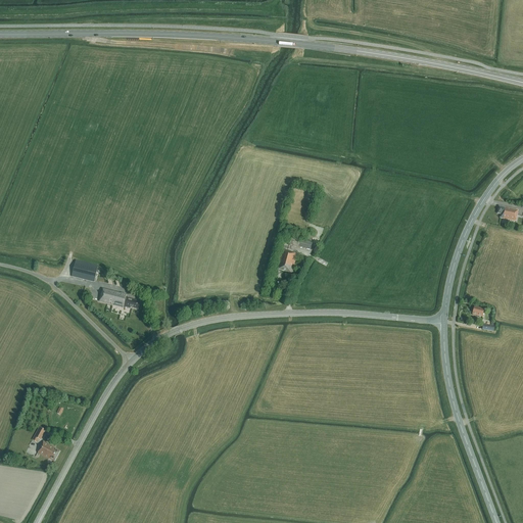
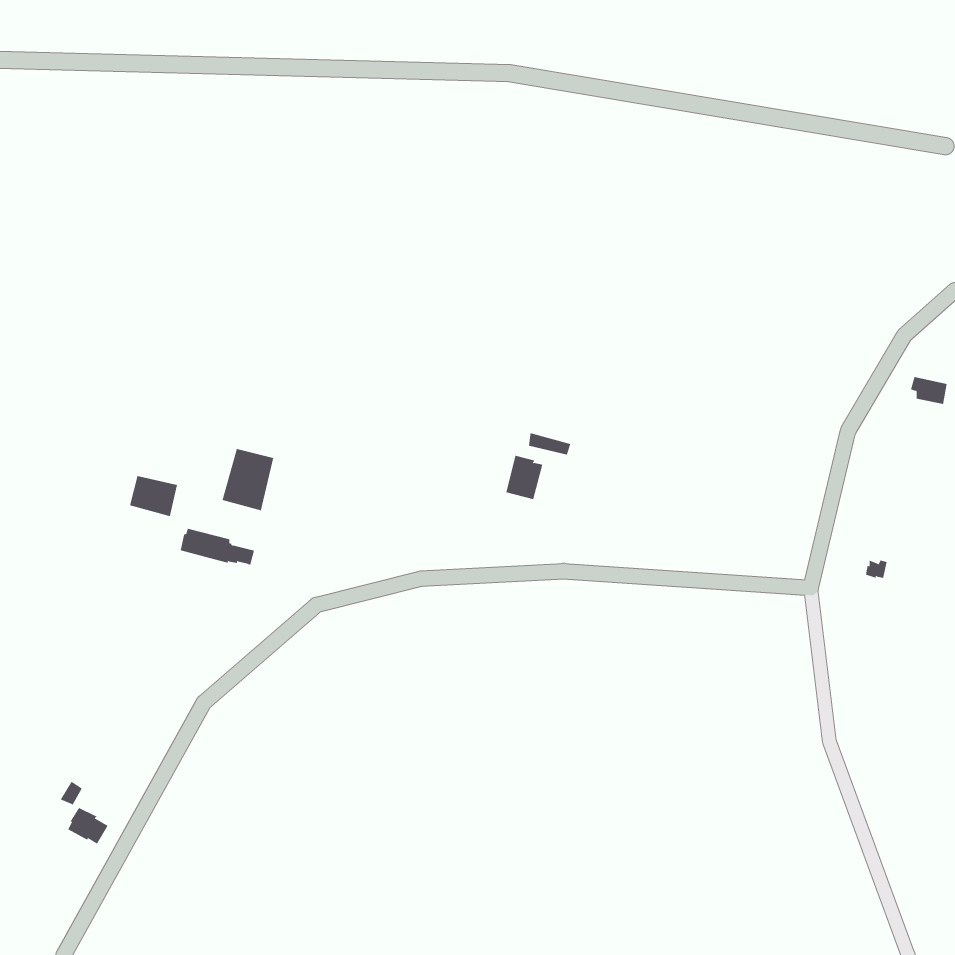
building: none -> [222,448,274,511]

